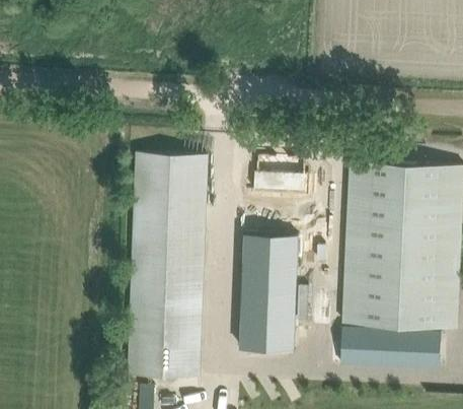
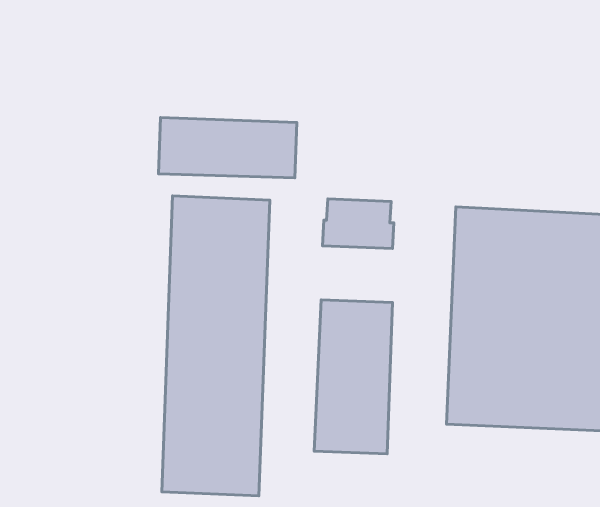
building: none -> [159,117,297,178]
building: [340,329,440,372] -> none

